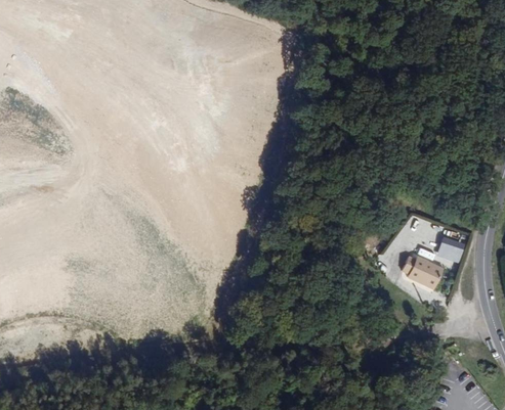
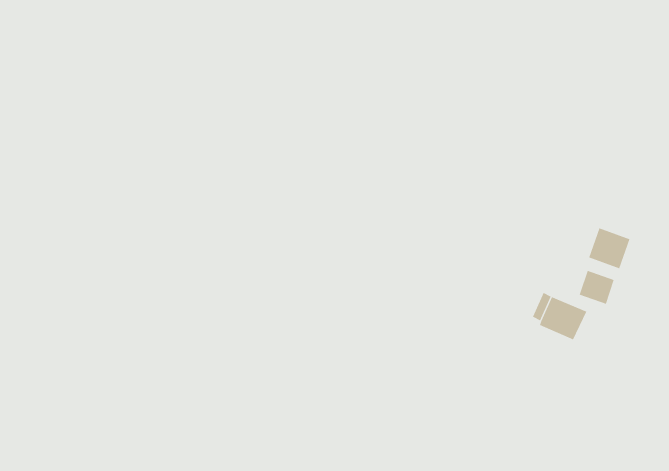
building: none -> [588,227,630,269]

